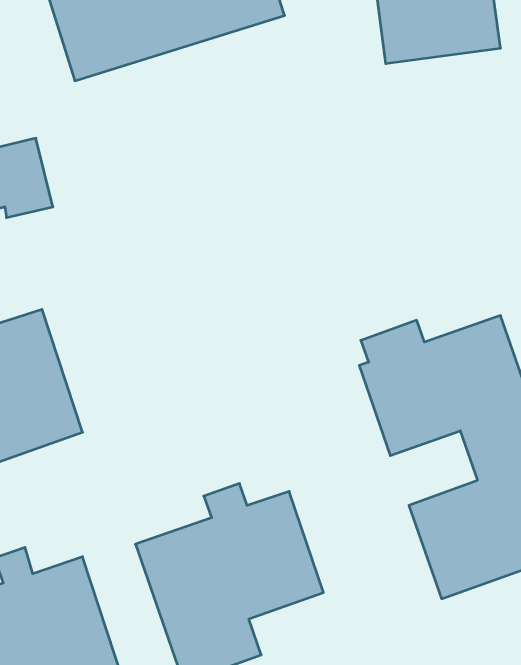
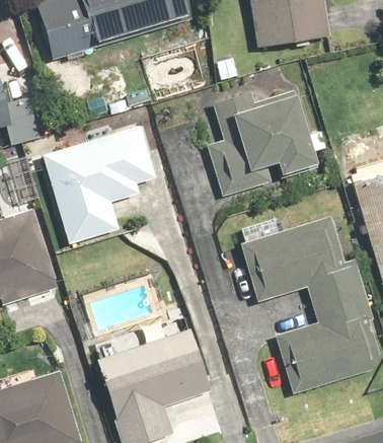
building: none -> [205,93,325,199]
building: none -> [42,125,157,243]

